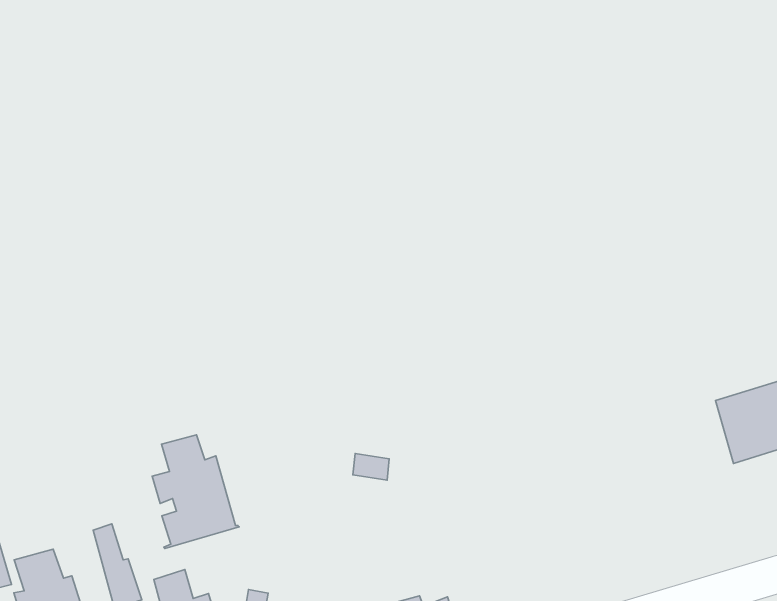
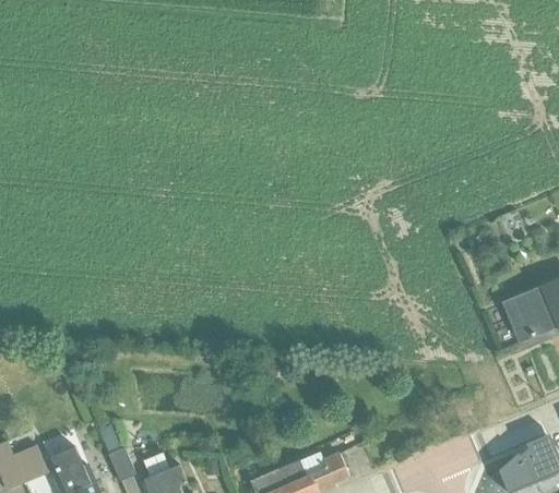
building: [152,435,239,548] -> none

